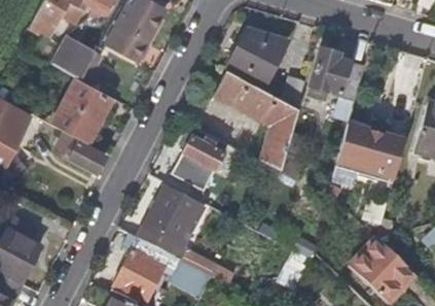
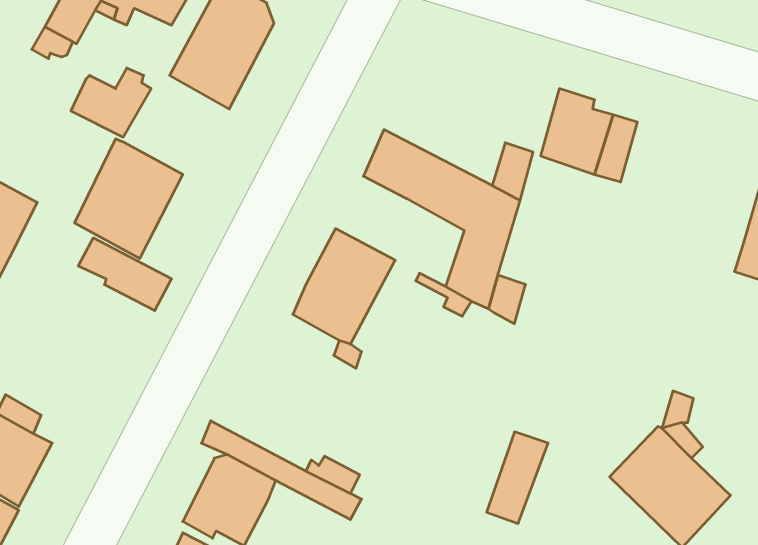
building: [228,29,289,87] -> none
building: [337,125,405,179] -> none
building: [146,186,197,243] -> none

